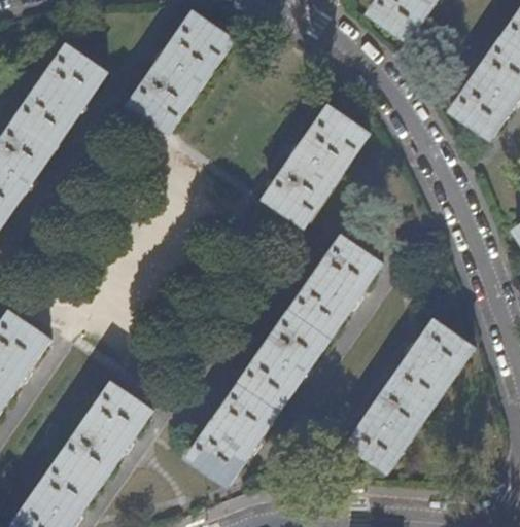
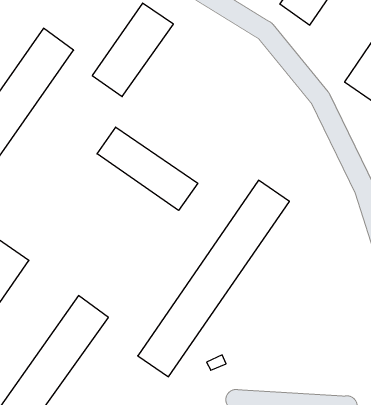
building: [265,106,367,225] -> none
building: none -> [97,127,198,210]
building: [348,321,472,470] -> none

